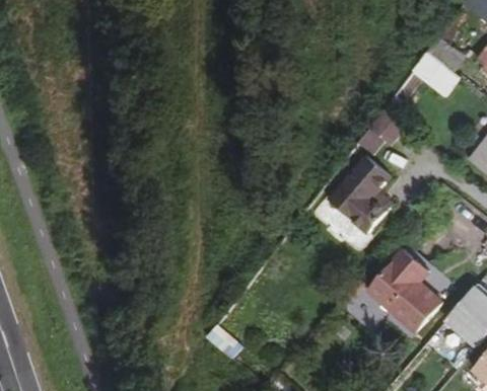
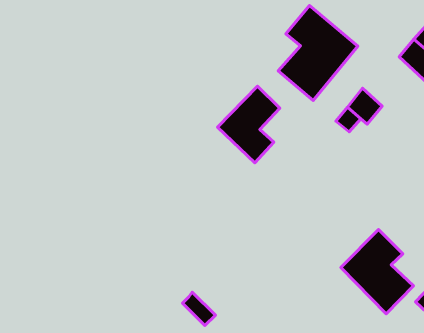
building: none -> [278,6,358,100]
building: [324,153,387,232] -> [218,86,280,163]

